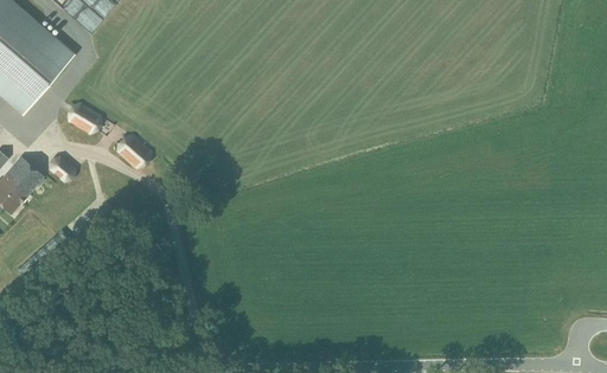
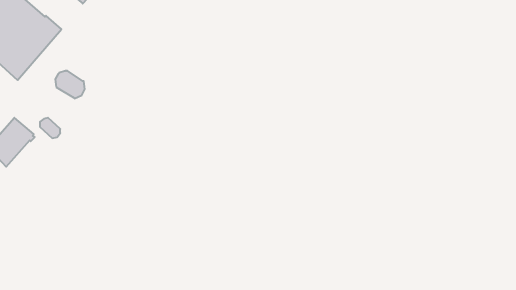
building: [117,135,152,168] -> none

